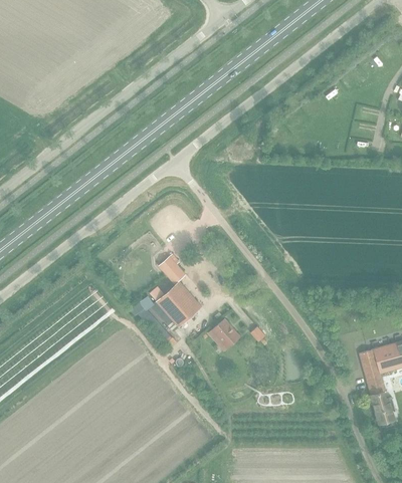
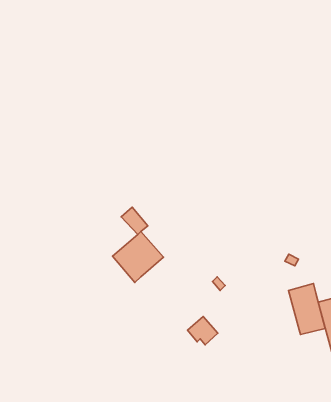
building: [208,318,239,347] -> [188,316,218,345]
building: none -> [288,283,325,335]

